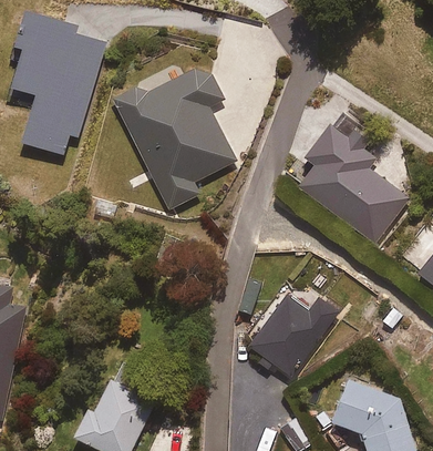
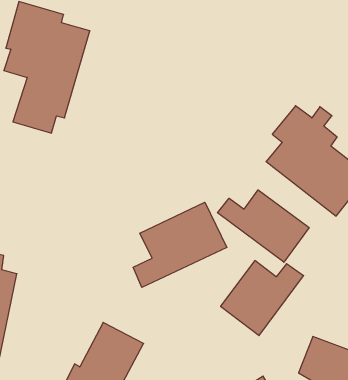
building: [114,53,235,211] -> none
building: none -> [218,190,309,262]
building: none -> [133,202,227,287]

